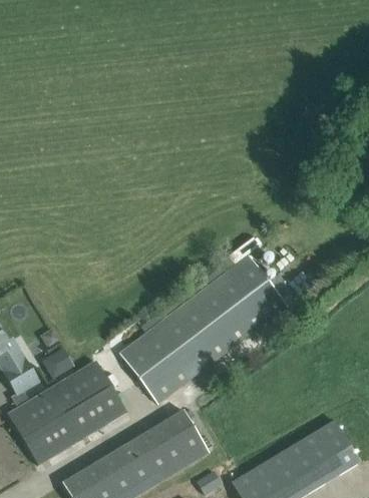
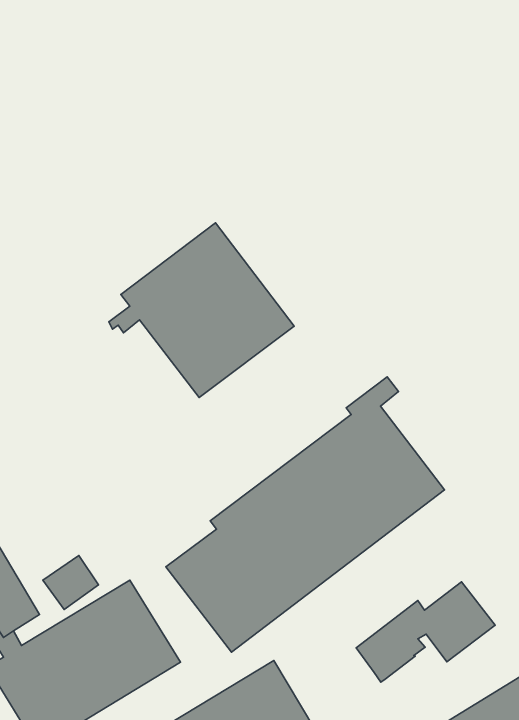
building: none -> [109,223,294,398]
building: none -> [356,582,495,682]

